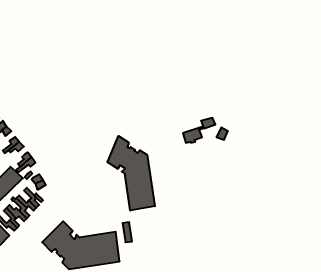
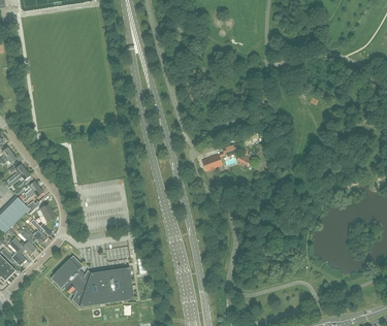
building: [107,136,155,211] -> none

